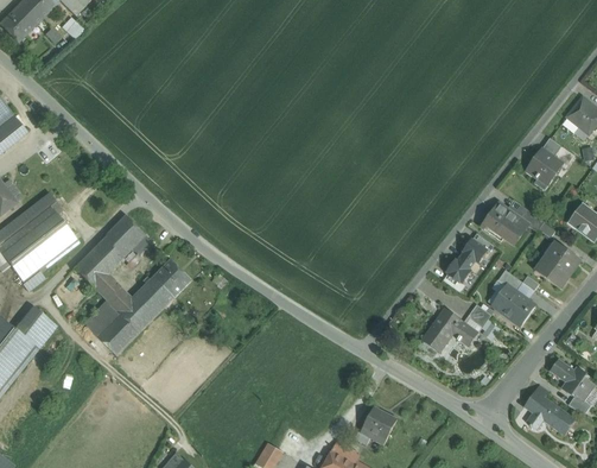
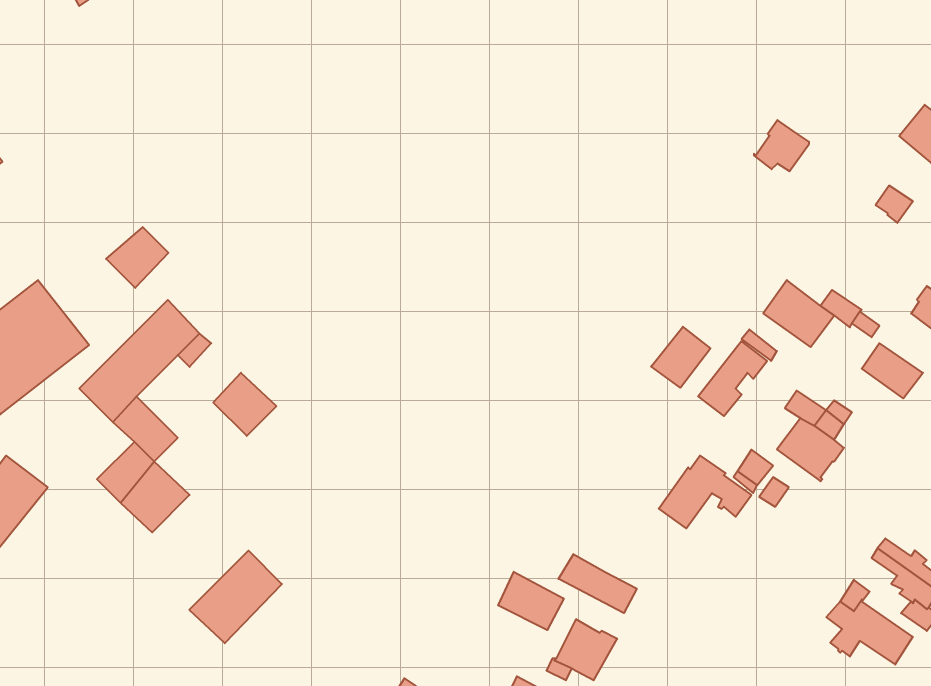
building: [526,150,559,181] -> [754,120,809,171]
building: none -> [106,227,168,288]
building: none -> [651,327,710,388]
building: [534,257,569,289] -> none
building: [118,277,173,333] -> [189,551,282,643]
building: none -> [558,554,637,613]
building: none -> [498,572,564,630]

